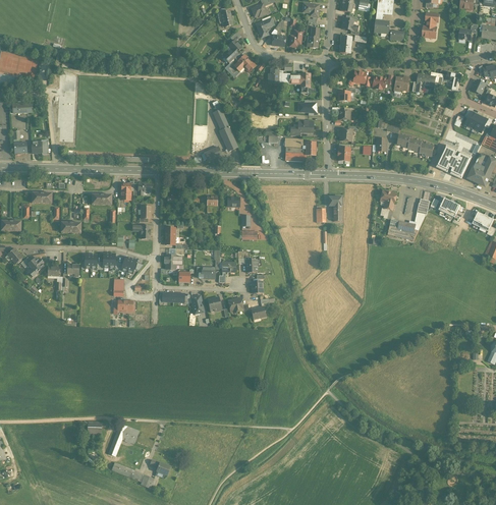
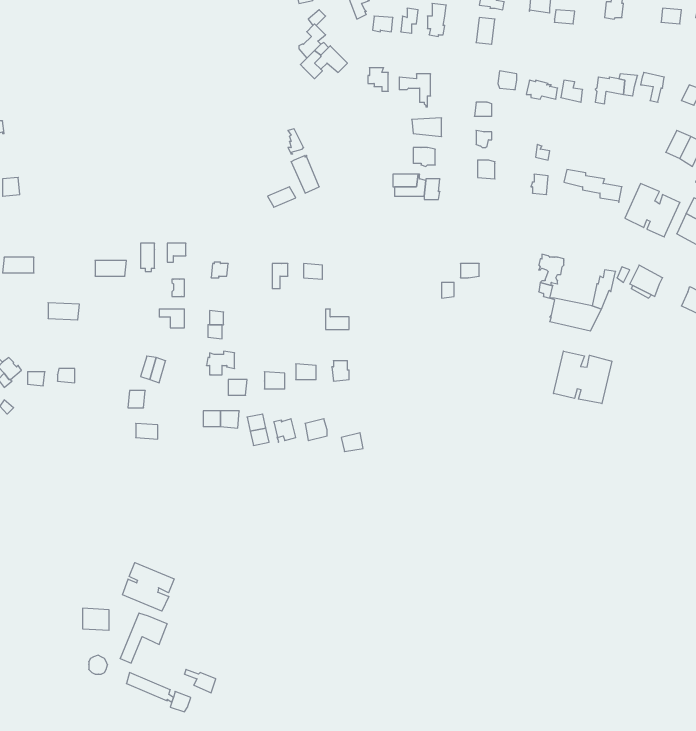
building: none -> [554,351,612,404]
building: none -> [123,563,174,611]

